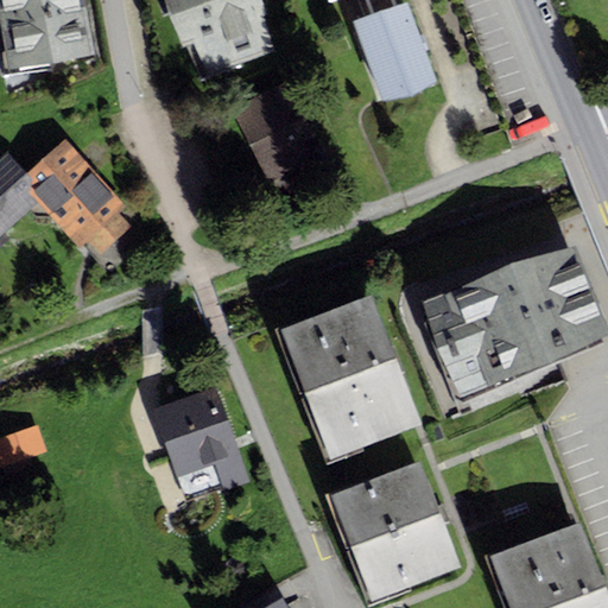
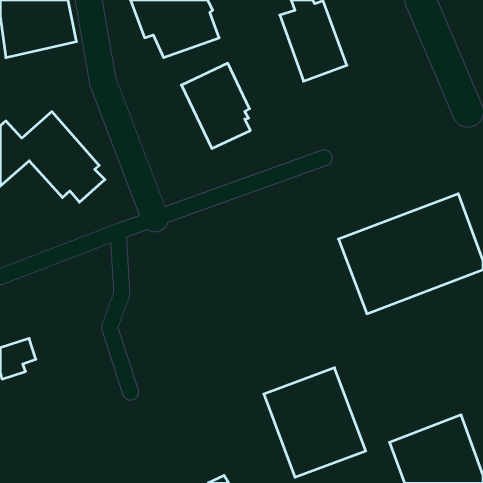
building: [280,294,422,458] -> none
building: [151,386,249,500] -> none

